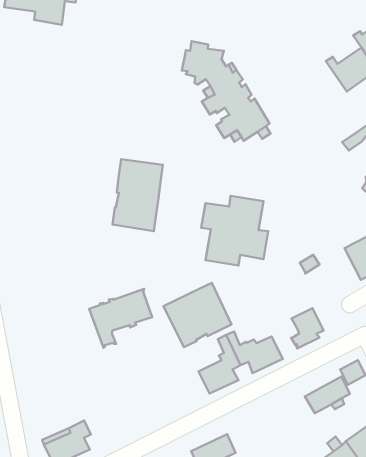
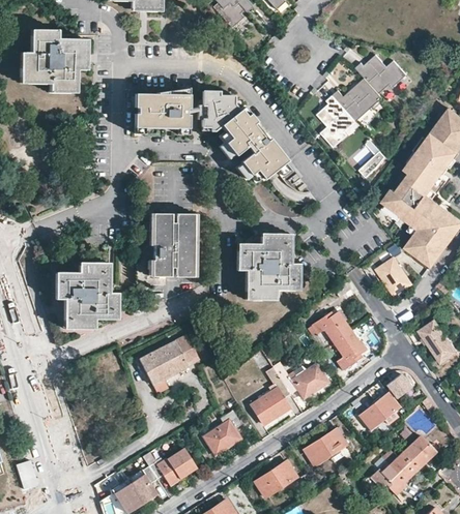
building: none -> [135,89,191,135]
building: none -> [318,94,357,146]
building: none -> [56,262,119,329]
building: [163,283,232,347] -> none
building: none -> [307,310,352,342]
building: none -> [203,411,242,455]
building: none -> [144,448,197,484]
building: none -> [305,428,347,465]

